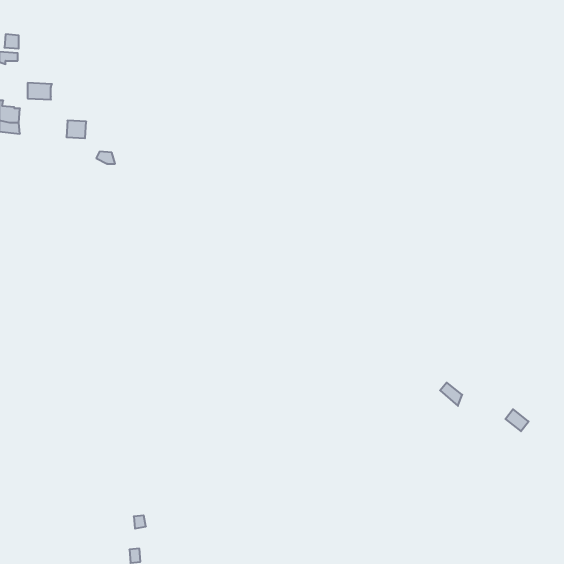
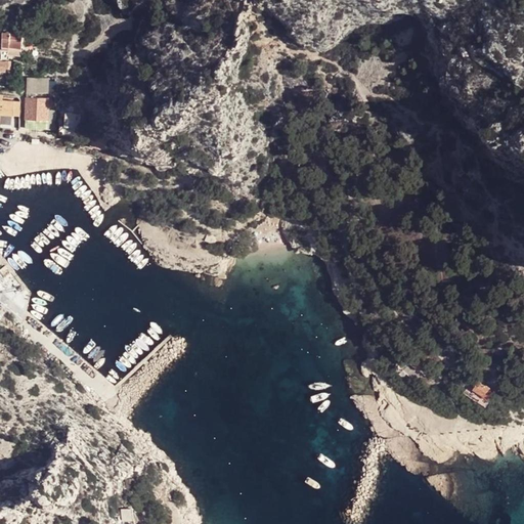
building: none -> [24,97,47,121]

